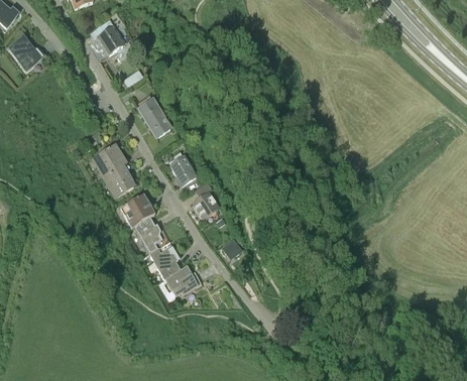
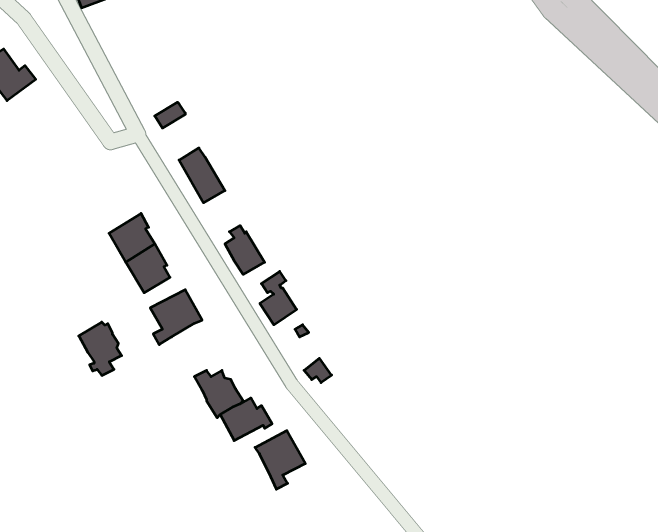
building: [98,18,122,54] -> none
building: [134,217,162,252] -> [79,322,122,375]
building: none -> [255,431,305,489]

